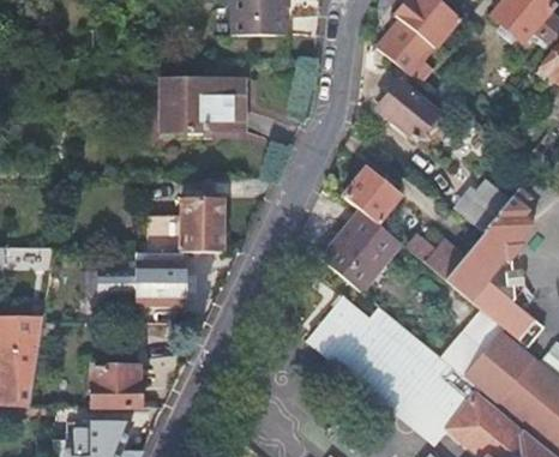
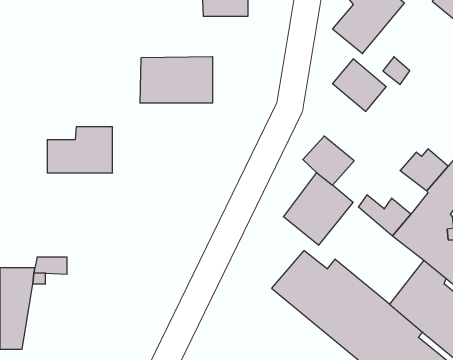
building: [146,200,220,252] -> [47,127,113,173]
building: [133,261,182,306] -> none
building: [91,366,142,407] -> none

